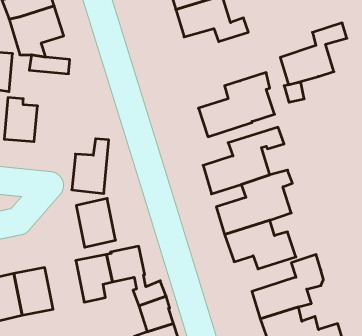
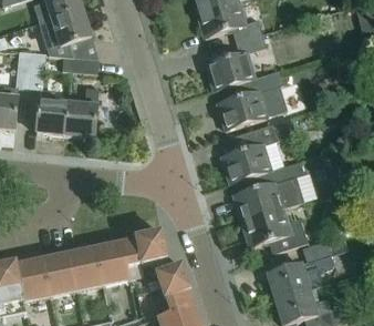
building: [280,23,347,85] -> [206,32,268,90]
building: [72,139,109,193] -> [64,86,98,137]
building: [76,198,116,247] -> [74,245,111,291]

